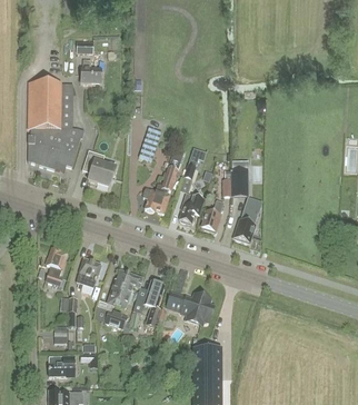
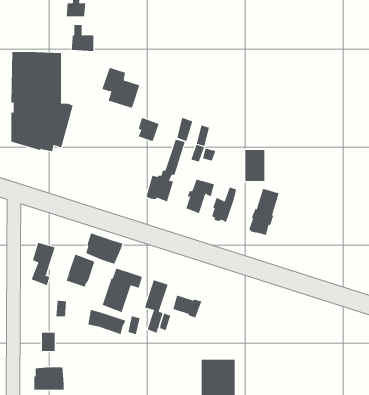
building: [82,151,116,187] -> [101,67,140,108]
building: none -> [85,233,123,265]
building: [187,295,212,324] -> none

